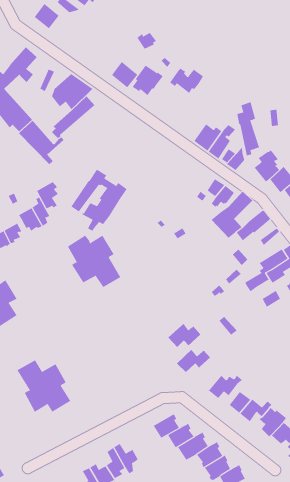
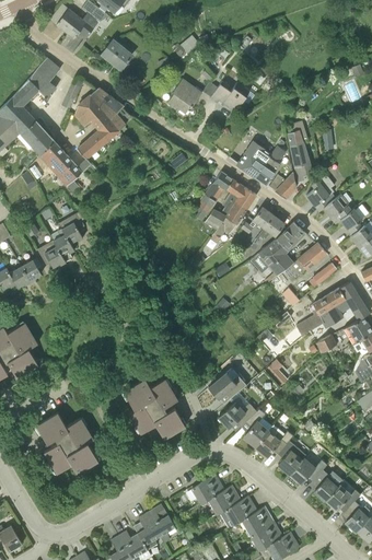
building: [111,61,138,88] -> [102,39,132,70]
building: [71,169,127,231] -> [191,172,256,243]
building: [67,235,121,288] -> [124,378,185,439]
building: none -> [243,409,272,447]

